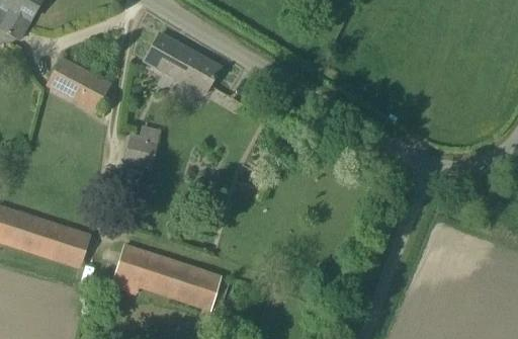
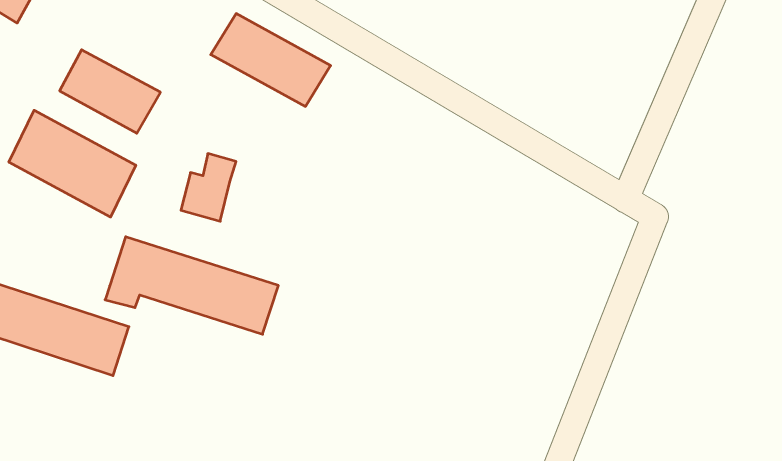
building: none -> [9,110,136,217]
building: [110,245,222,308] -> [105,237,278,334]

